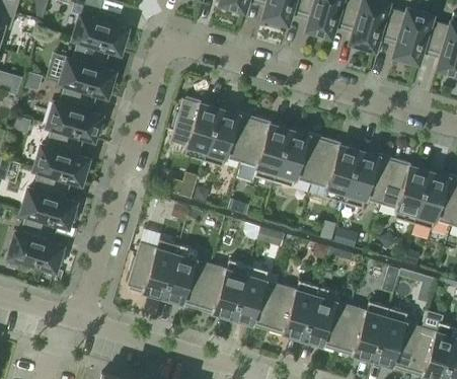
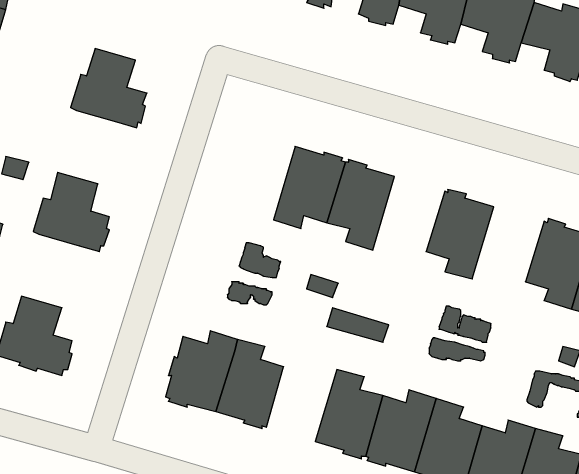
building: [73,11,127,53] -> none
building: [48,84,101,140] -> none
building: [170,98,219,161] -> none
building: [274,131,324,187] -> none
building: [344,152,394,209] -> none
building: [21,171,75,227] -> none
building: [199,260,248,317] -> none

